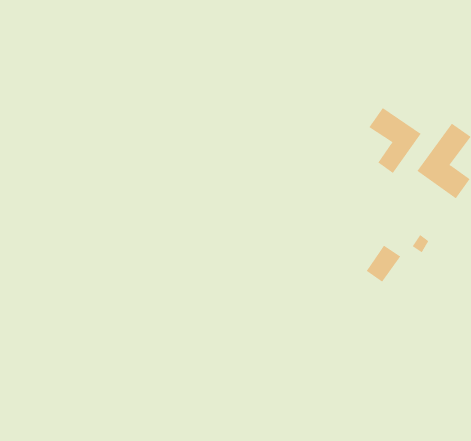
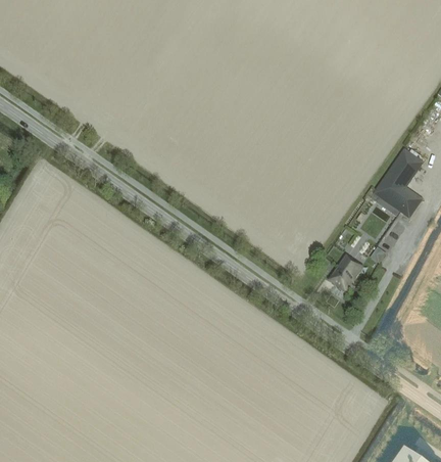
building: [369,107,421,174] -> none

